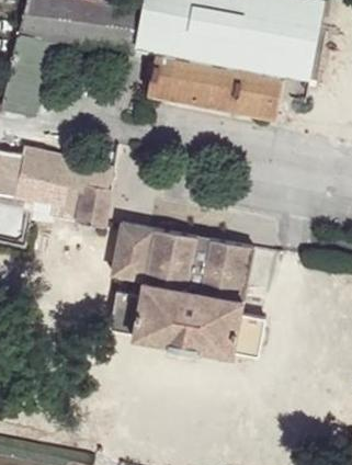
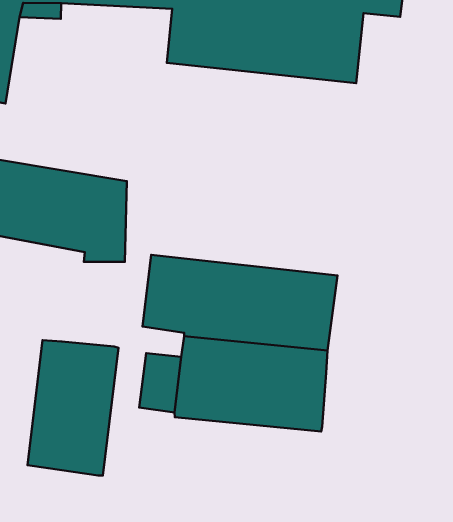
building: none -> [28,340,118,476]
building: [234,317,266,360] -> none

